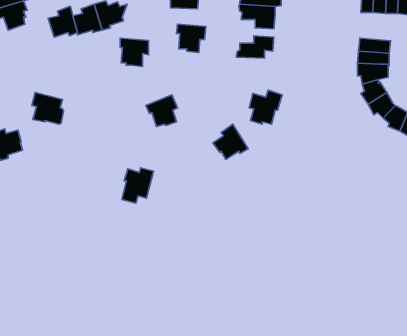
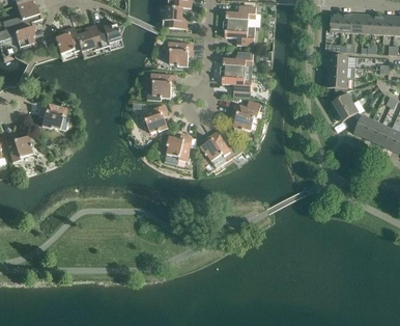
building: [120,38,148,66] -> [150,73,175,98]
building: none -> [220,71,252,92]
building: [122,168,154,203] -> [164,134,192,165]

